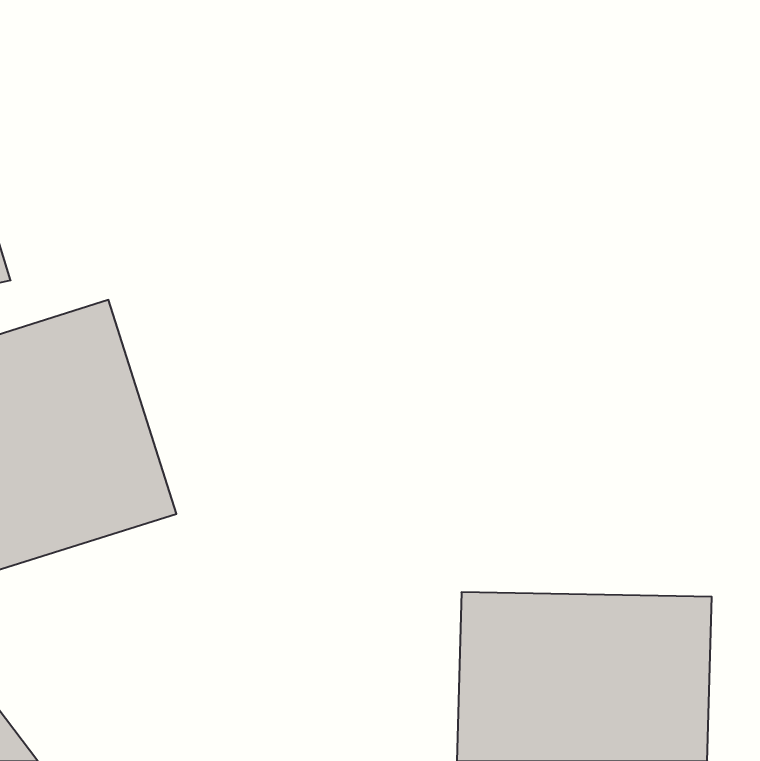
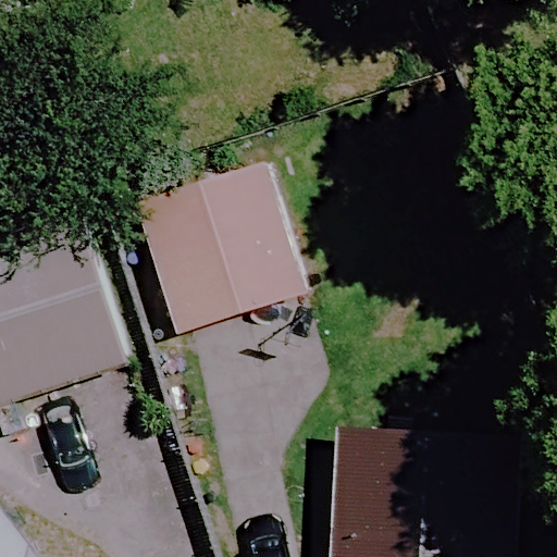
building: none -> [133,163,299,335]

